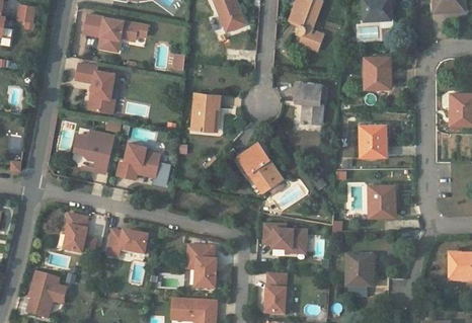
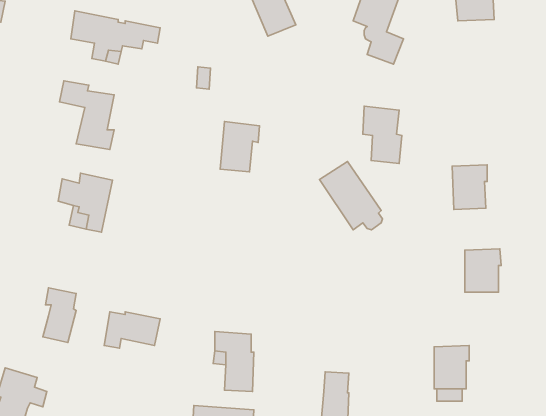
building: [365,57,391,89] -> none
building: [116,143,159,179] -> none
building: [238,143,284,192] -> [320,161,383,230]
building: [263,224,306,249] -> none

